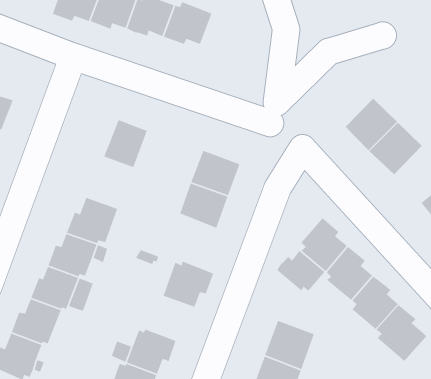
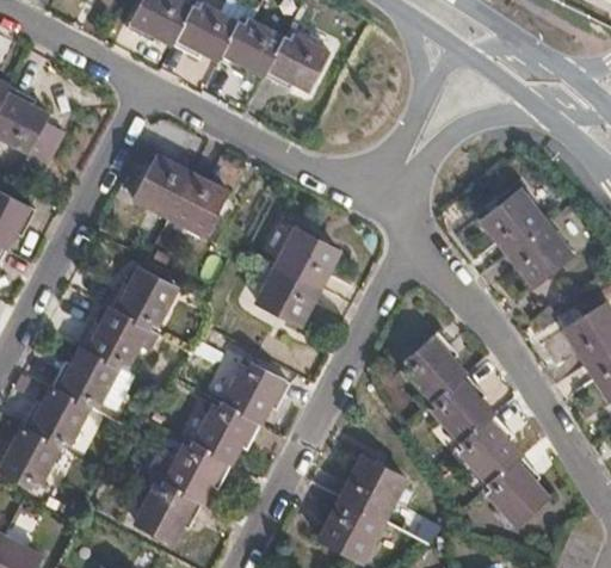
building: none -> [131,153,192,218]
building: [276,250,325,292] -> none
building: none -> [192,403,259,463]

